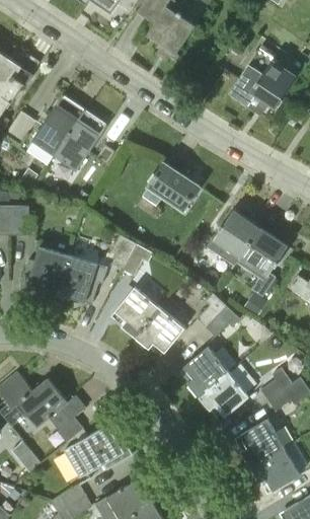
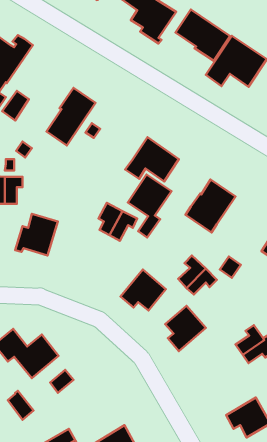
building: none -> [176,10,230,61]
building: [31,94,84,156] -> none
building: [241,227,289,296] -> [128,175,171,238]
building: [56,254,107,303] -> none
building: [115,287,160,337] -> none
building: [200,371,250,417] -> none
building: [241,419,284,466] -> none
building: [67,425,132,475] -> none

